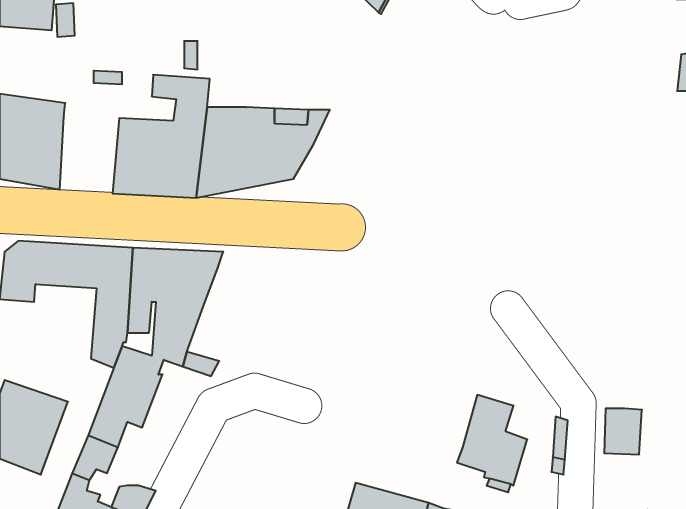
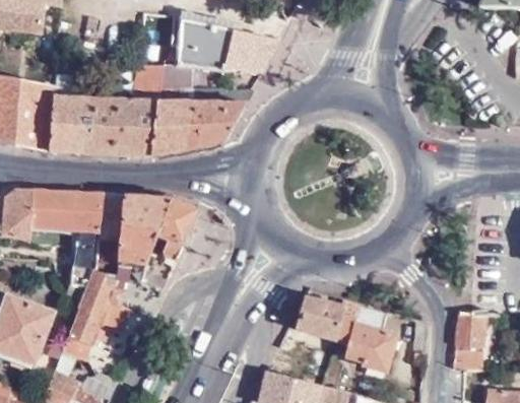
building: none -> [157,17,275,88]
building: none -> [47,95,91,153]
building: none -> [155,197,197,262]
building: none -> [300,289,361,344]

